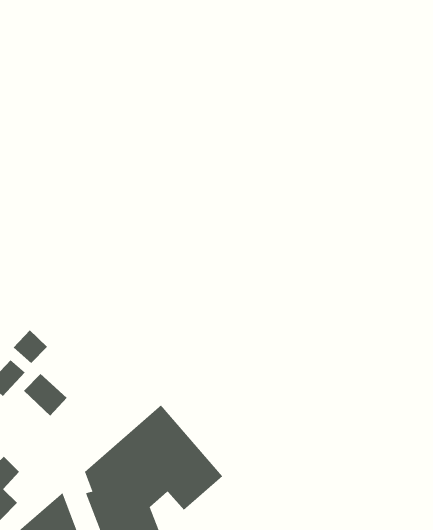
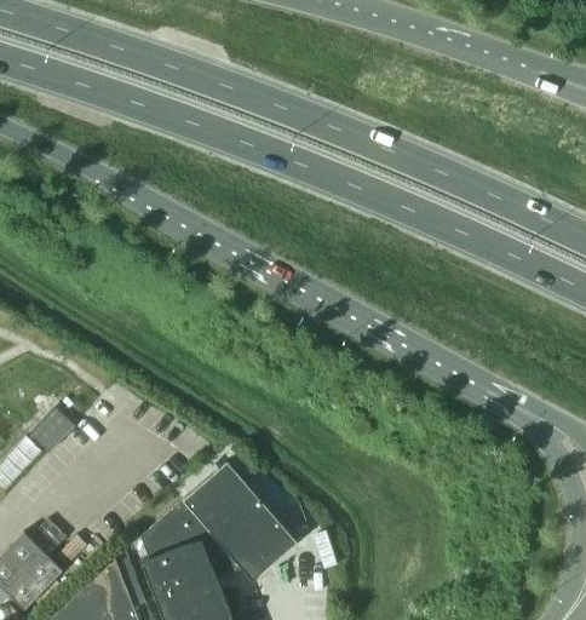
building: [13,329,48,364] -> none
building: [23,373,68,416] -> none

